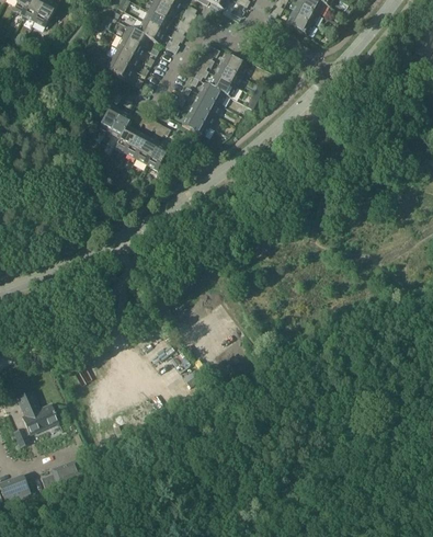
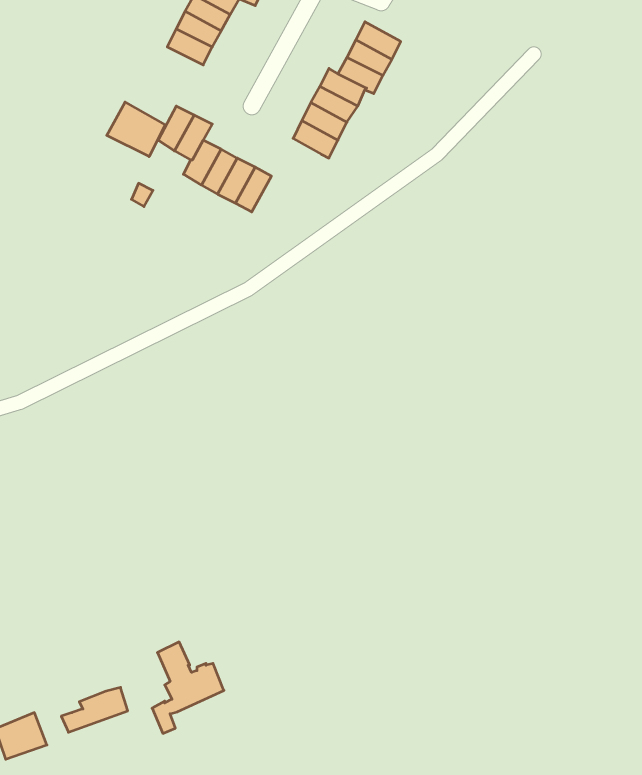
building: none -> [107,102,165,157]
building: [13,390,57,446] -> [152,642,224,733]

